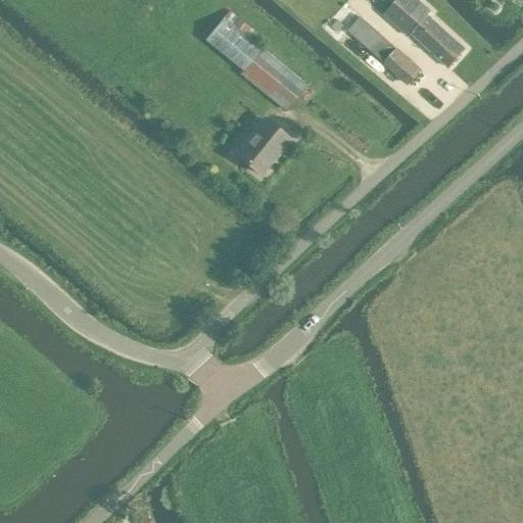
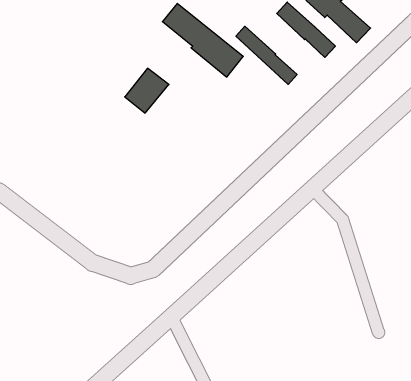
building: none -> [236,26,297,84]
building: [234,118,289,175] -> [125,68,169,113]

